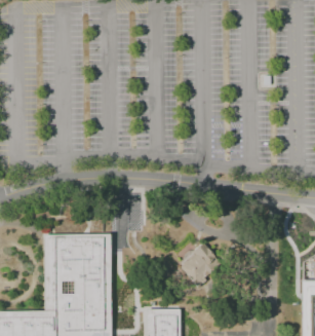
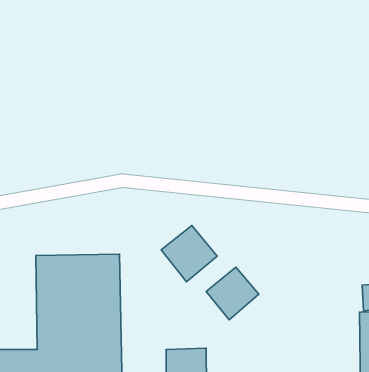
building: none -> [161,225,217,282]

